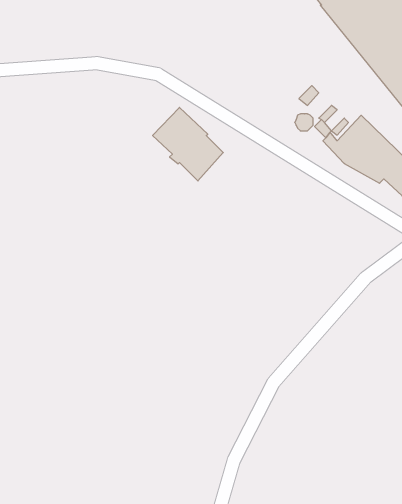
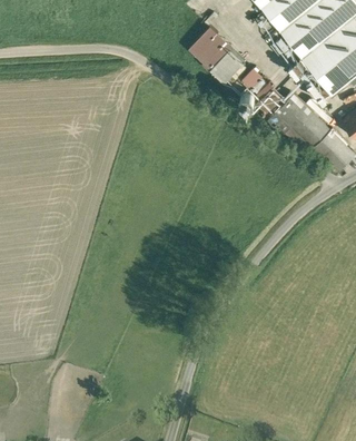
building: [153,107,223,181] -> [188,27,244,85]

